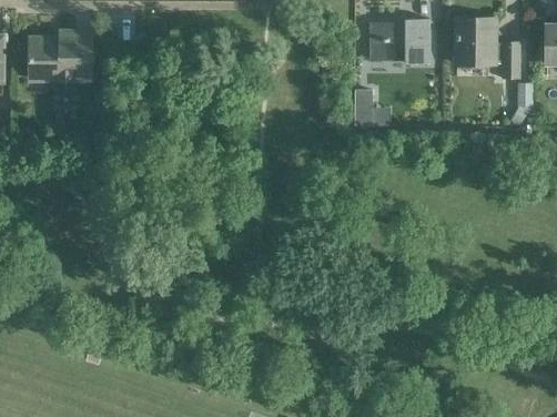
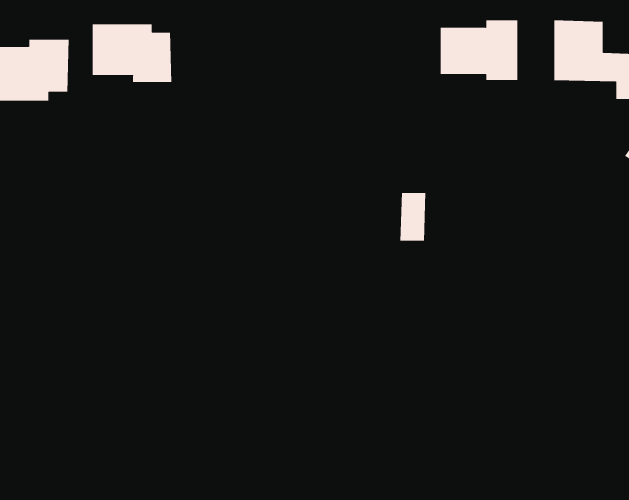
building: none -> [92,23,172,83]
building: [354,91,374,128] -> [400,192,426,241]

